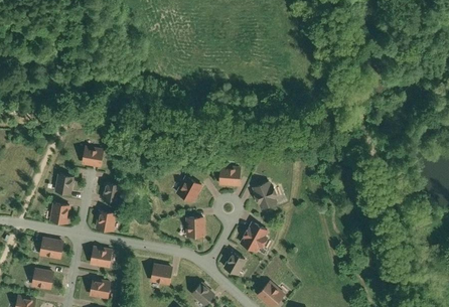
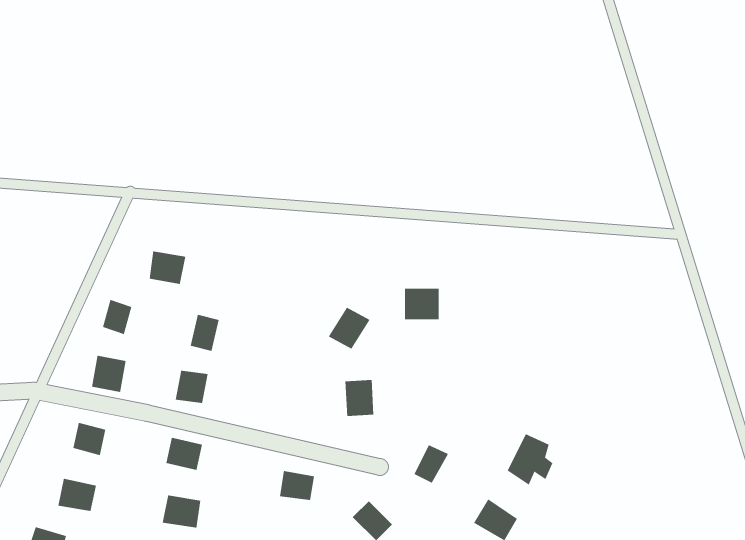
building: [254,182,276,208] -> none
building: [242,222,267,251] -> [507,433,553,485]

